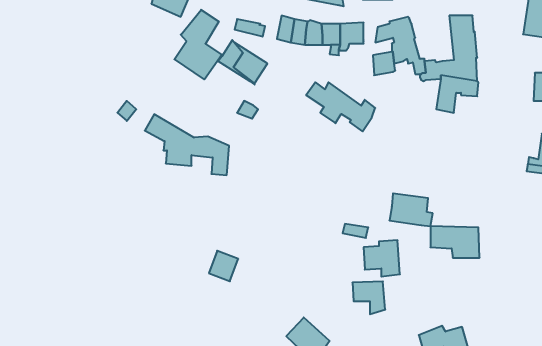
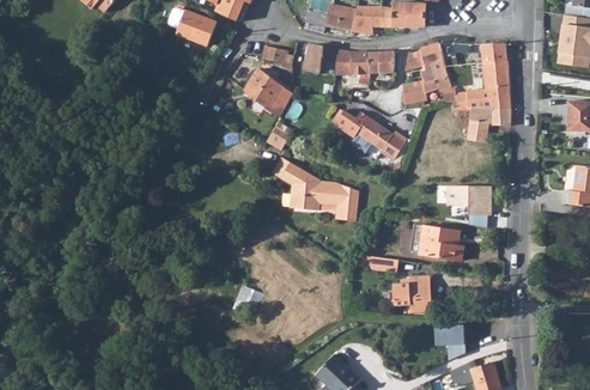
building: [174,10,222,79] -> none
building: [145,114,229,175] -> [269,158,355,220]
building: [430,226,480,258] -> [442,184,492,217]
building: [352,281,385,314] -> [428,325,462,359]

